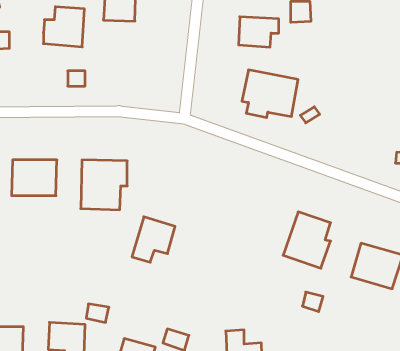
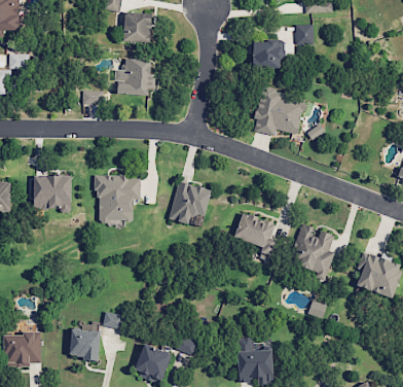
building: [43,7,84,47] -> [113,58,152,96]
building: none -> [233,213,279,254]
building: [132,217,175,262] -> [168,181,209,224]

